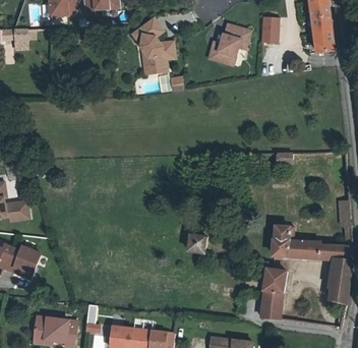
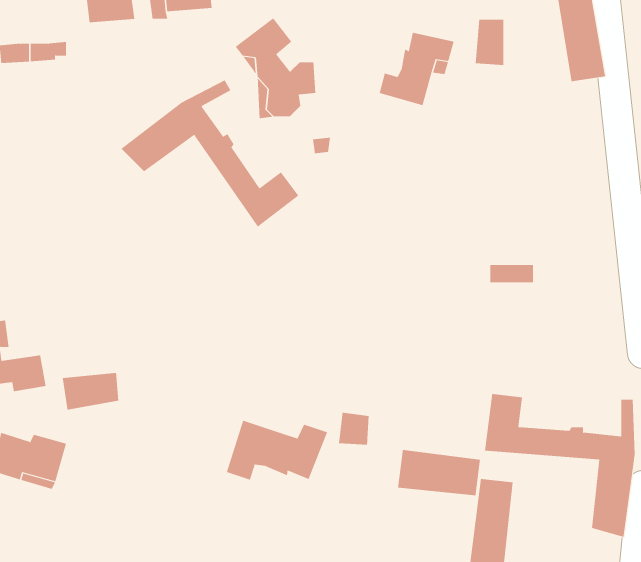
building: none -> [121,80,299,227]
building: none -> [62,372,119,410]
building: none -> [226,420,328,480]
building: none -> [398,449,481,496]

